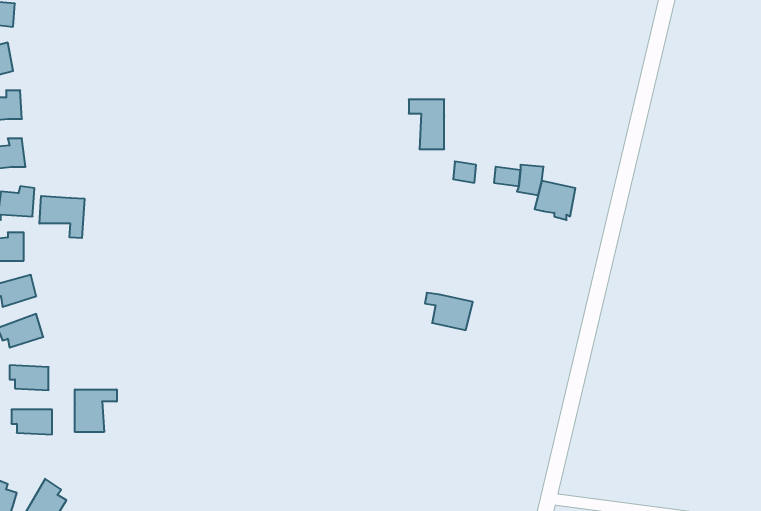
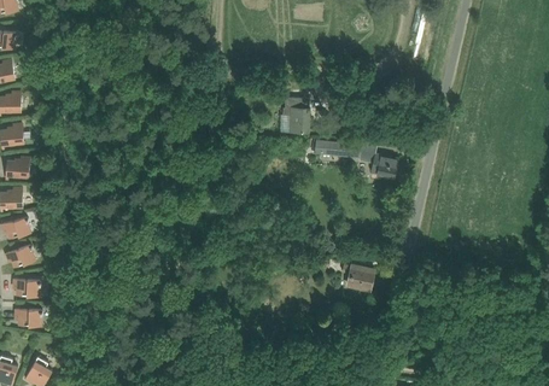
building: [39,196,84,238] -> none
building: [425,293,473,330] -> [341,264,374,290]
building: [75,389,117,432] -> none

